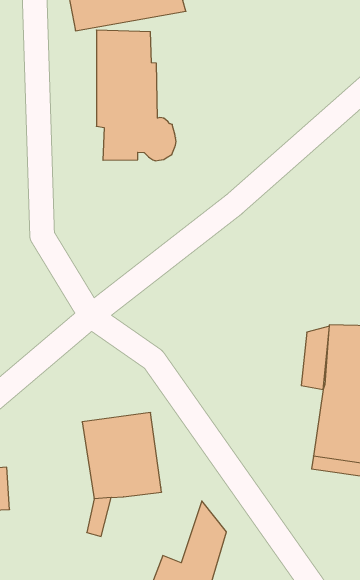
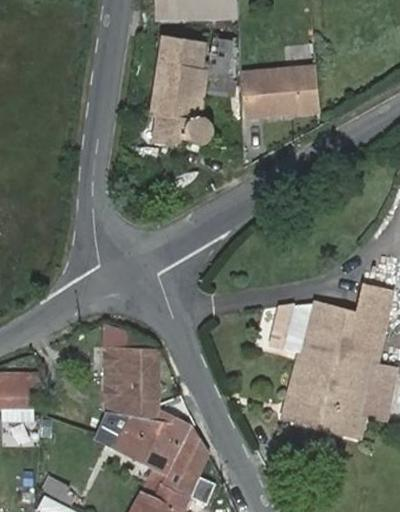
building: none -> [239,63,319,120]
building: none -> [114,410,190,473]

